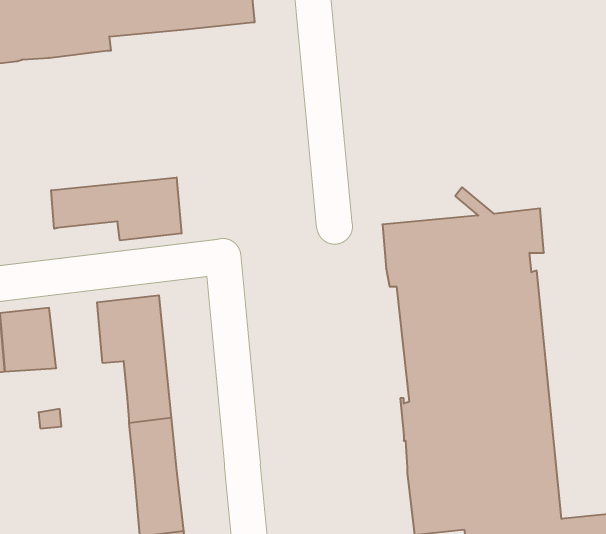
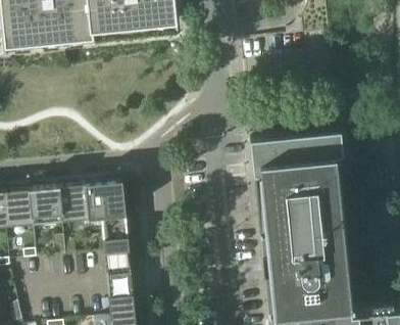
building: [51,177,181,240] -> none
building: none -> [58,185,89,223]

